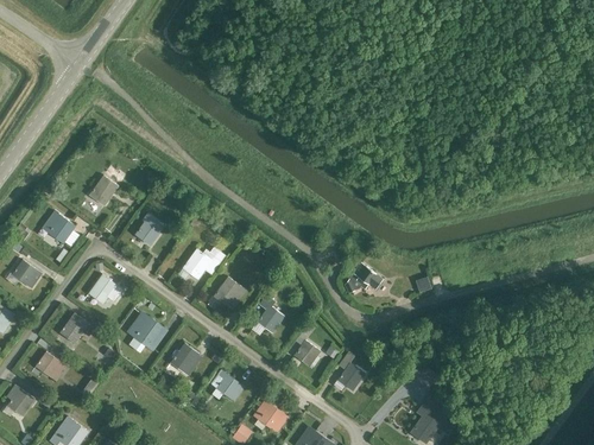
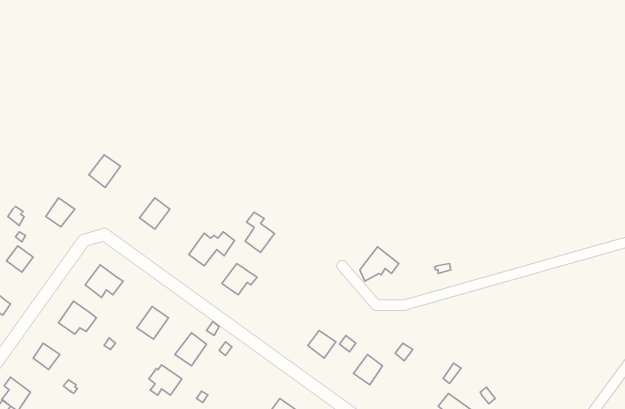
building: [258,294,285,332] -> [245,212,274,253]
building: [210,370,241,399] -> [149,365,182,395]

